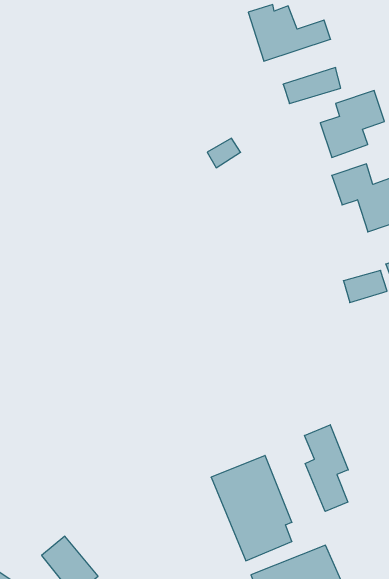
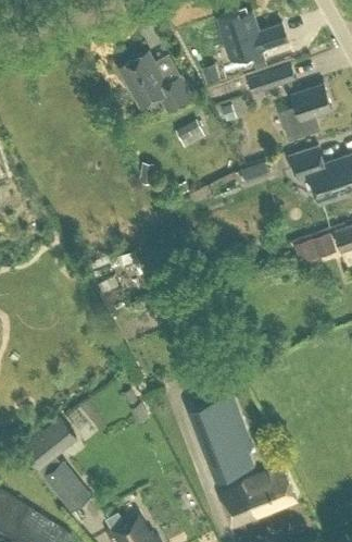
building: none -> [120,51,193,112]
building: [305,425,348,511] -> none
building: none -> [21,417,78,471]

